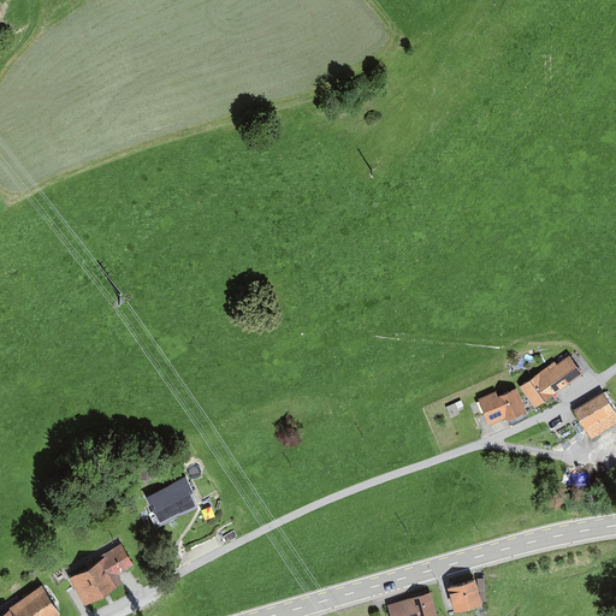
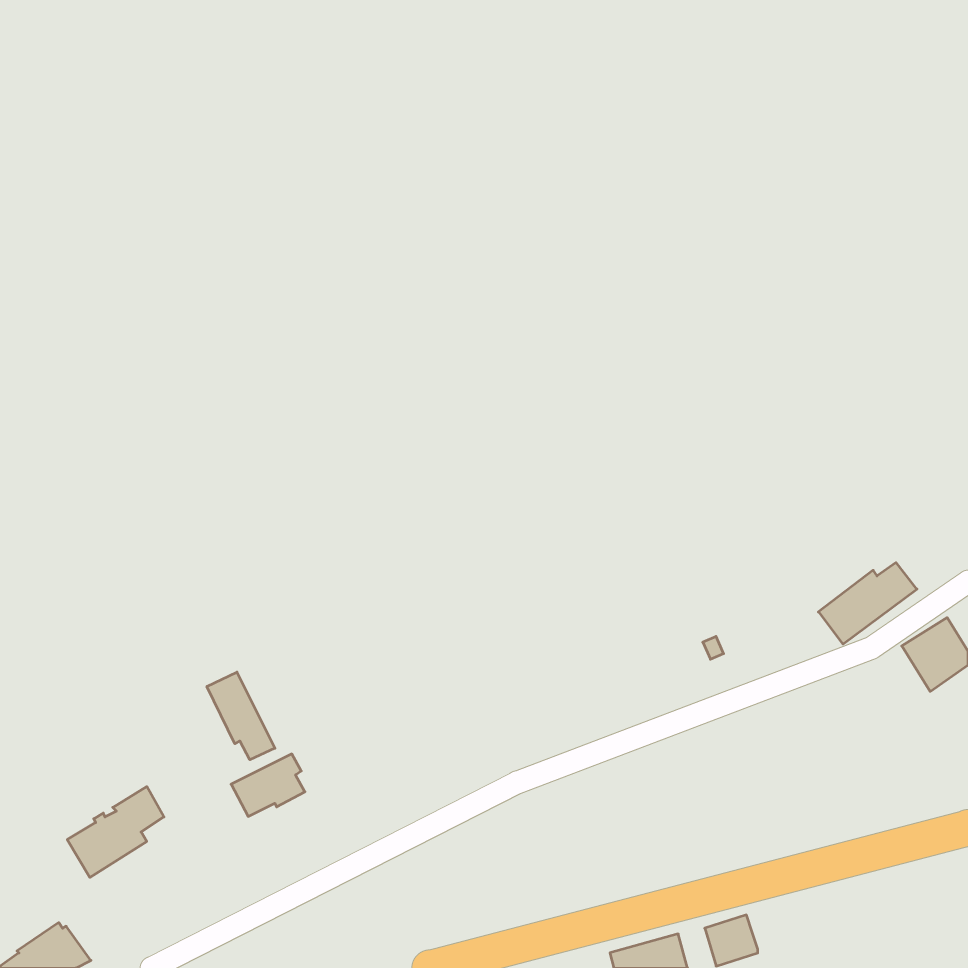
building: [476,390,526,427] -> none
building: none -> [207,672,275,760]
building: [69,543,130,600] -> [67,787,164,877]

